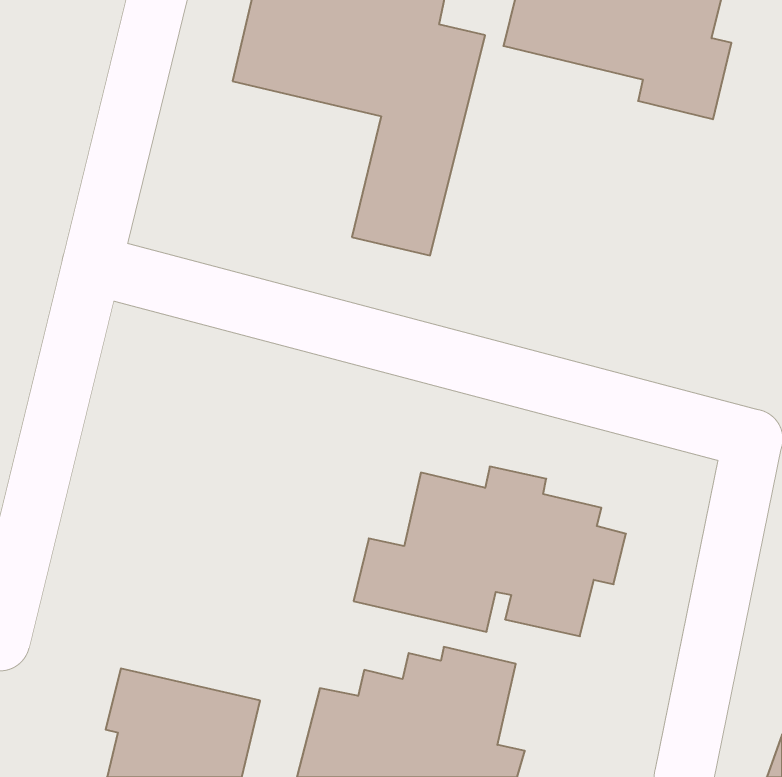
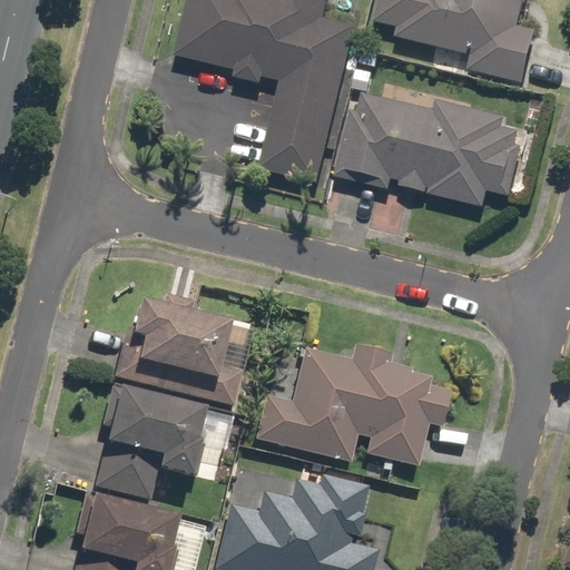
building: none -> [331,94,523,214]
building: none -> [116,289,246,403]
building: none -> [97,379,216,498]

